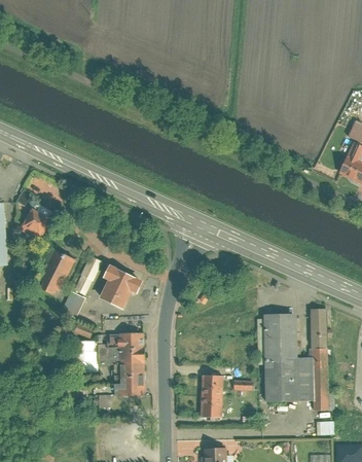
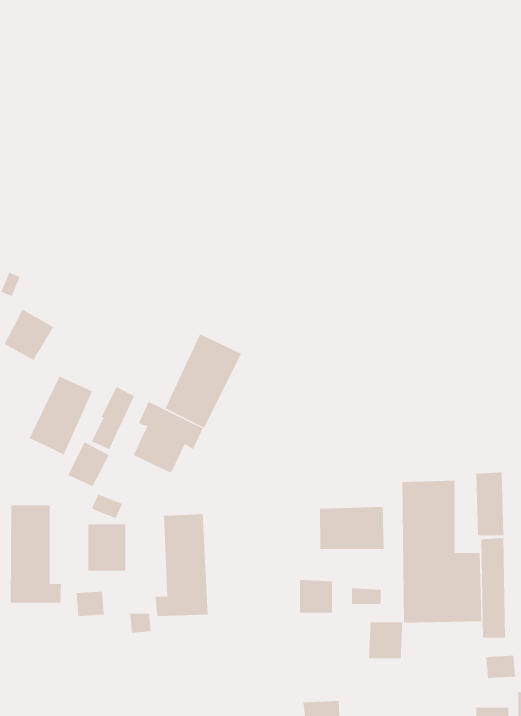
building: none -> [165,334,242,428]
building: none -> [10,504,62,603]
building: none -> [320,506,384,550]
building: [201,395,222,418] -> [368,622,403,659]

